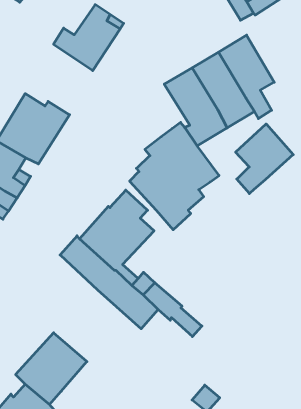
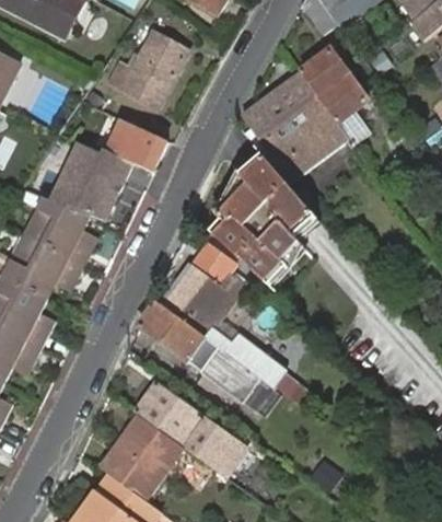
building: none -> [108,118,177,175]
building: [236,124,293,194] -> none
building: none -> [133,382,245,475]

